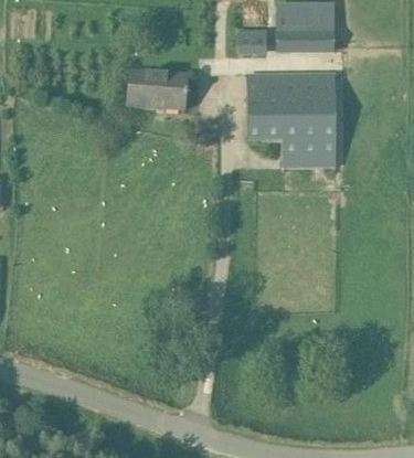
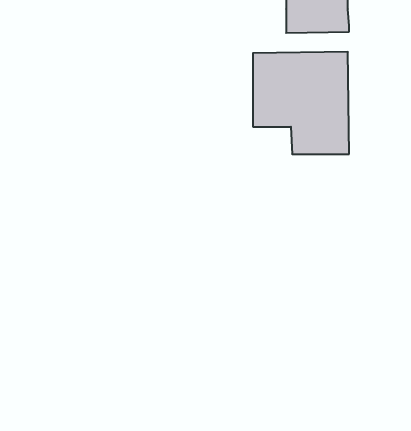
building: [238,29,267,54] -> none
building: [127,70,187,109] -> none

